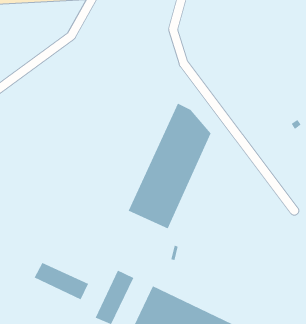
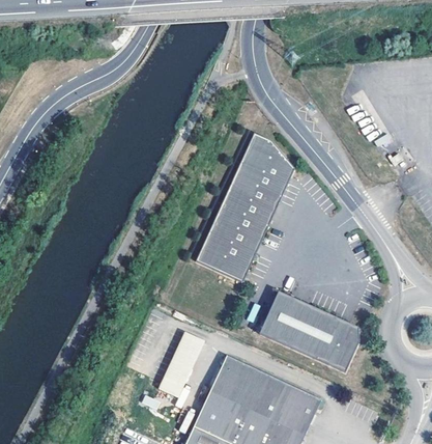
building: none -> [259,293,359,374]
building: [34,262,89,300] -> none

